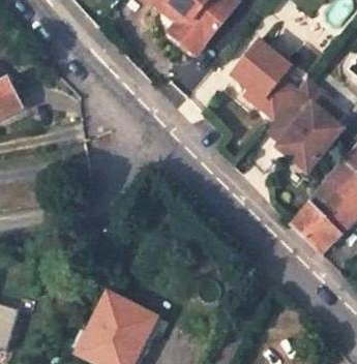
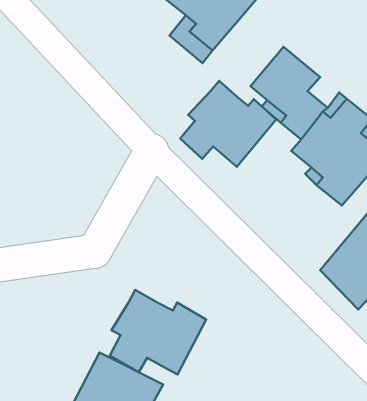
building: none -> [180,81,276,167]
building: none -> [110,290,206,374]

